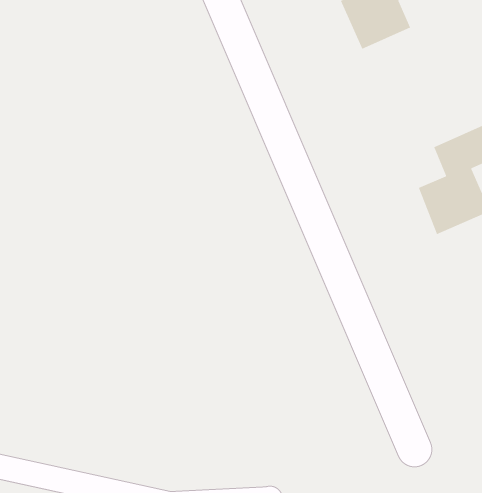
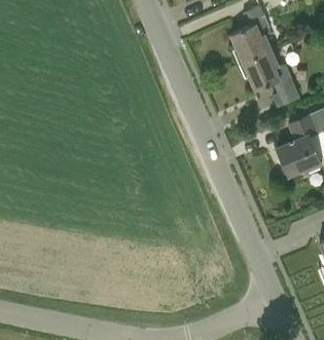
building: none -> [243,51,300,109]

